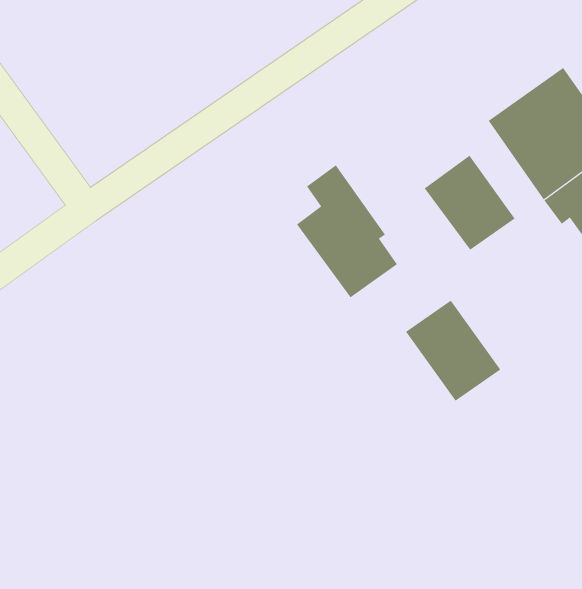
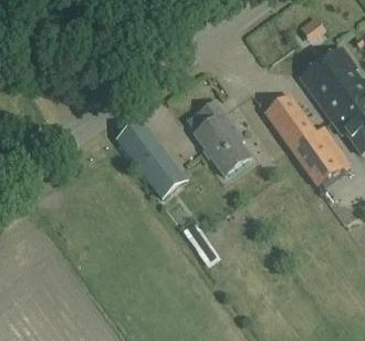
building: none -> [118,121,186,195]
building: [405,300,501,401] -> [290,128,343,185]

